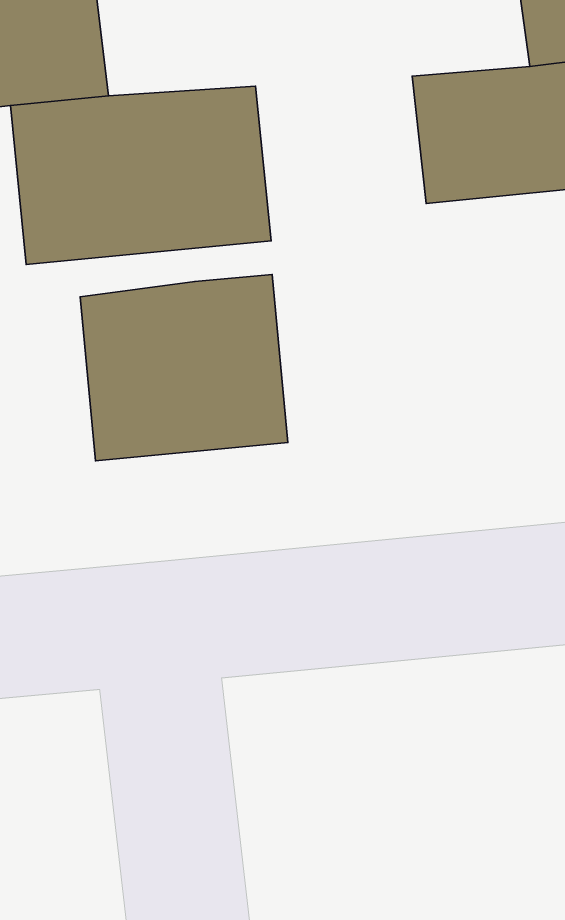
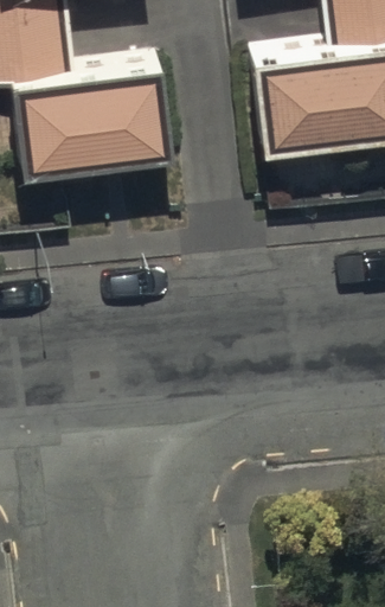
building: [80,274,288,461] -> none

